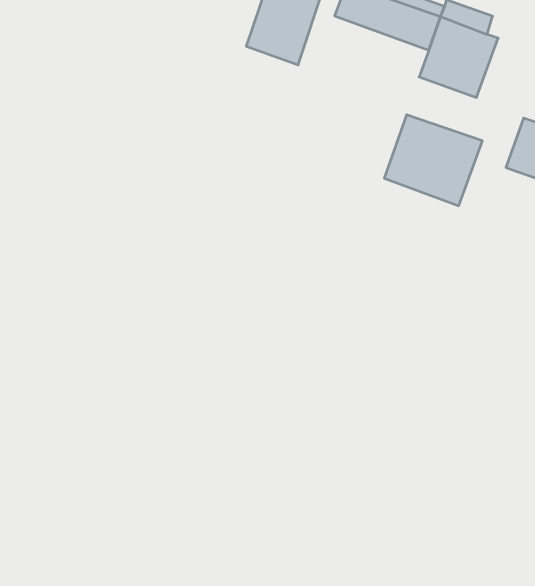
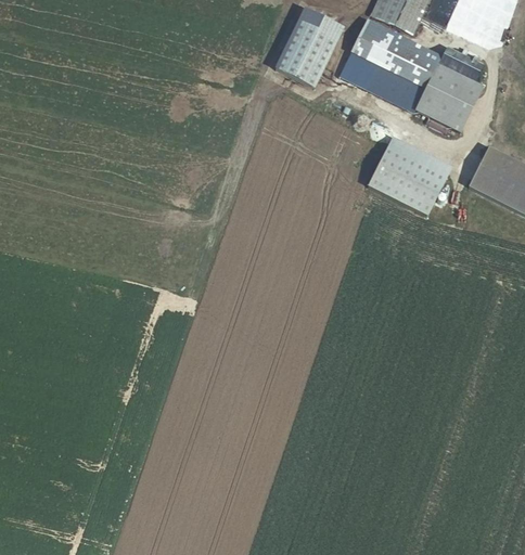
building: none -> [336,49,421,109]

